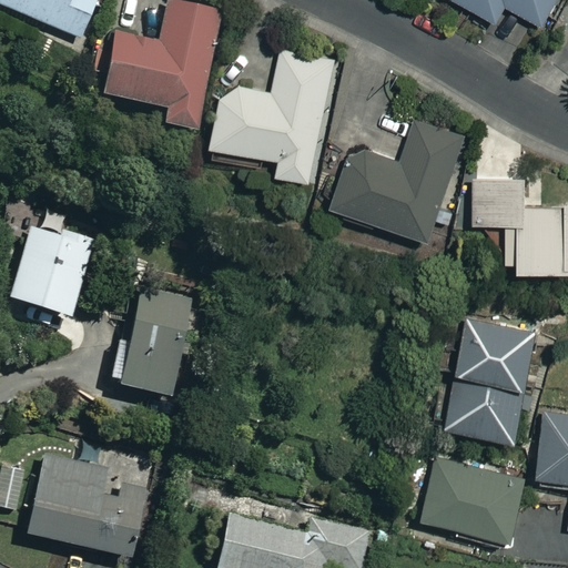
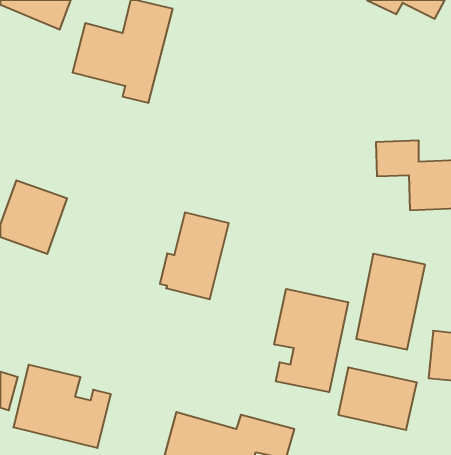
building: [212,49,338,180] -> none
building: [332,118,467,239] -> none
building: [106,288,192,396] -> [160,212,229,299]
building: none -> [274,289,348,392]

